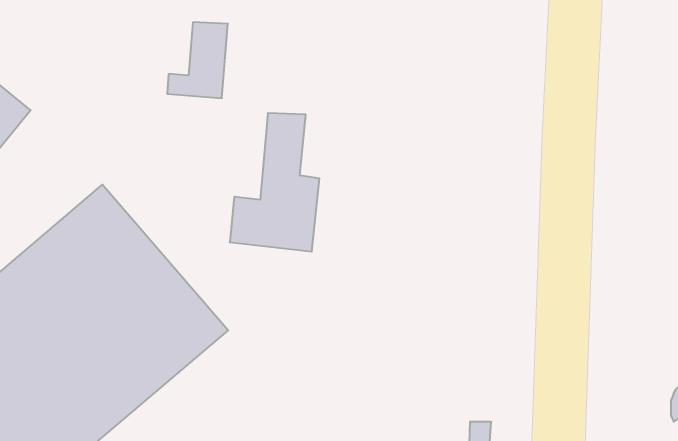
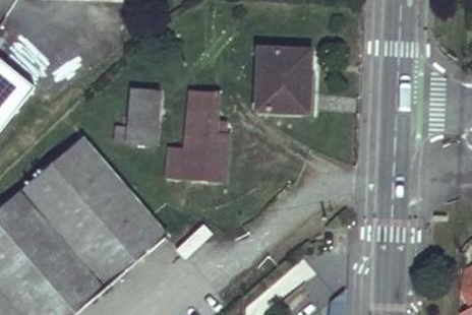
building: [167,22,228,98] -> [116,90,157,141]
building: none -> [256,47,311,110]

